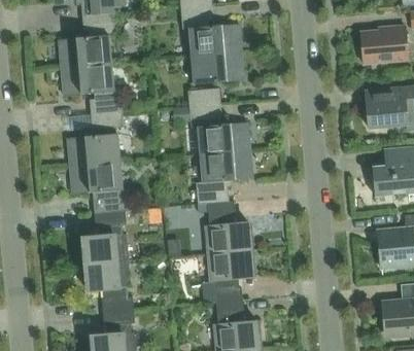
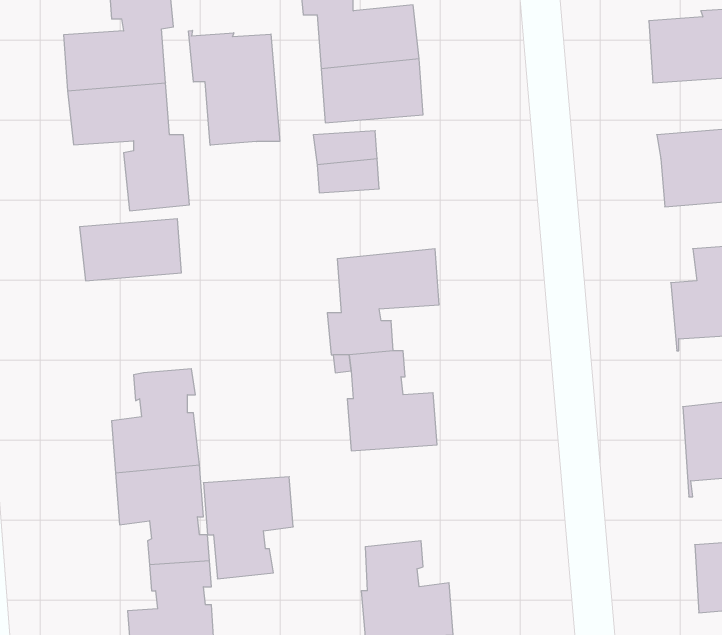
building: none -> [189,30,280,145]
building: [197,120,250,153] -> none
building: [70,161,131,212] -> none
building: [207,249,253,302] -> [203,477,293,579]

